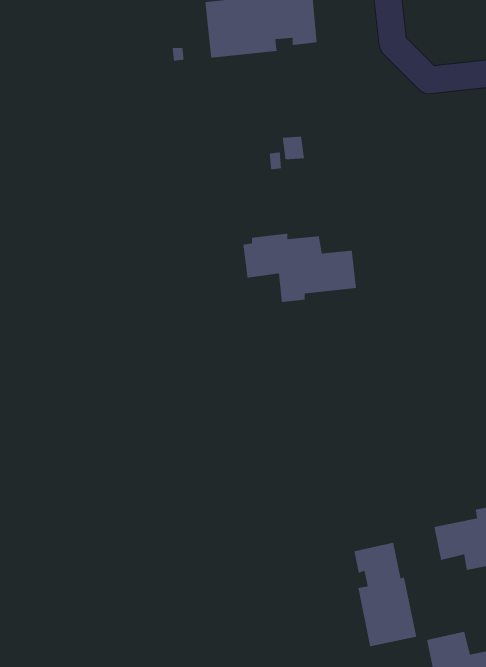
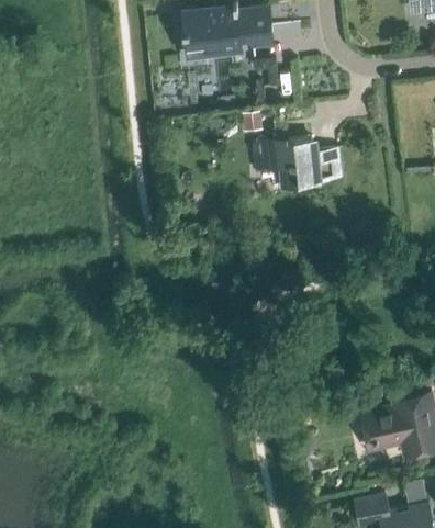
building: [242,233,357,303] -> [253,137,341,191]
building: [354,542,417,647] -> none

